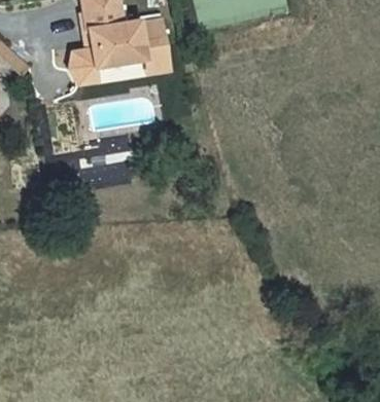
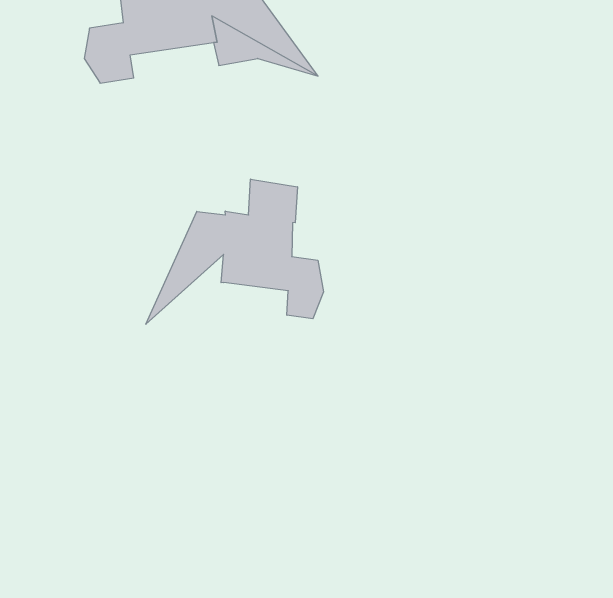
building: none -> [146,179,324,324]

